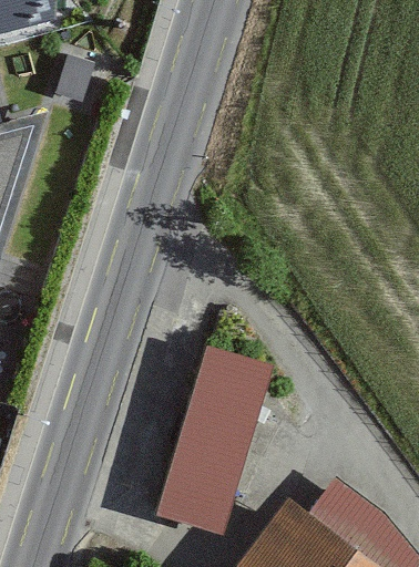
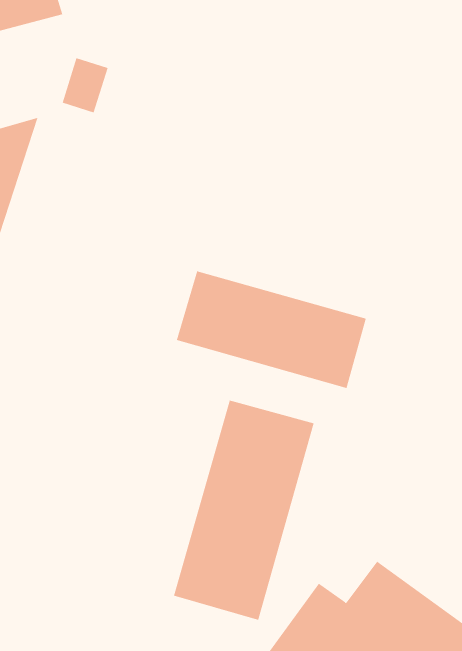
building: none -> [176,270,367,389]

